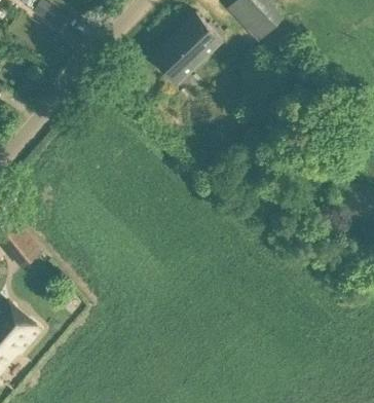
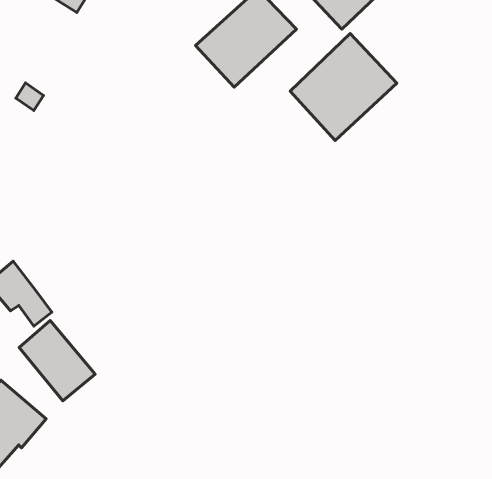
building: none -> [290,33,397,141]
building: none -> [19,321,95,401]

